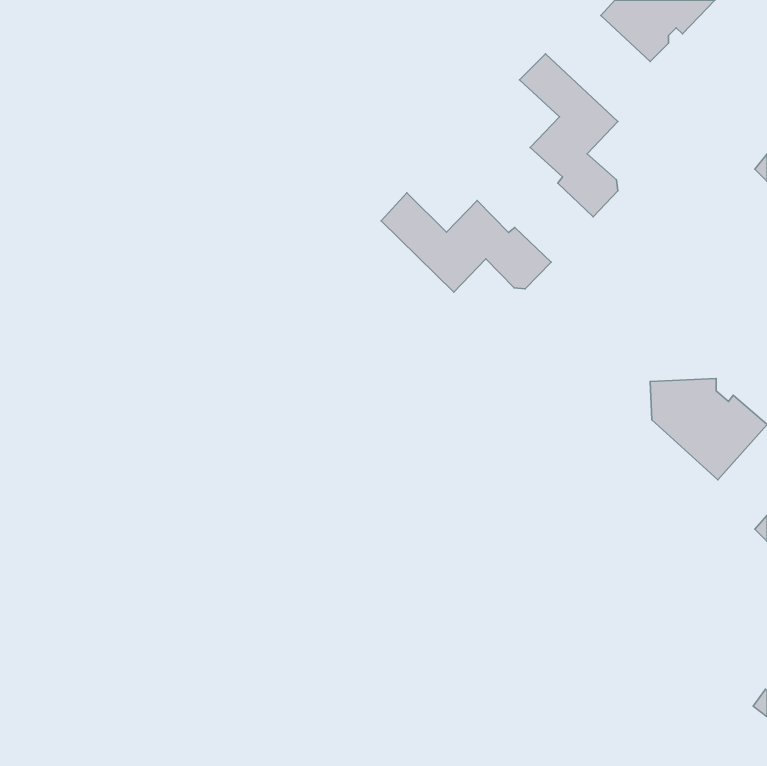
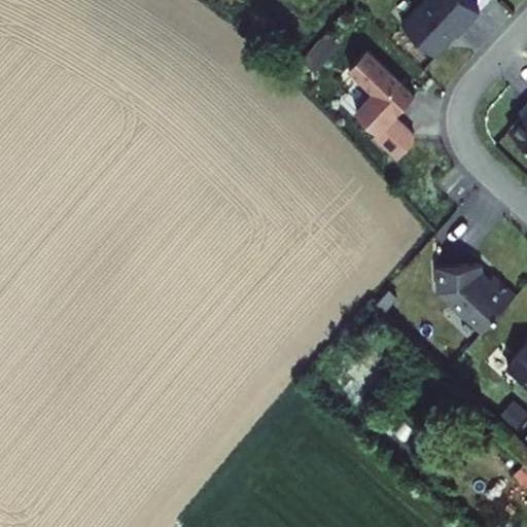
building: [381,193,551,292] -> none

